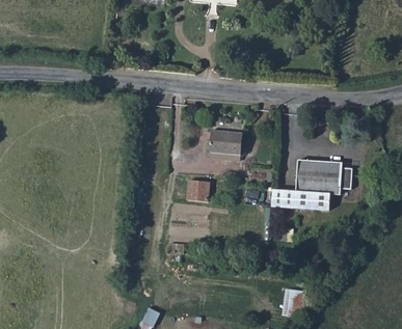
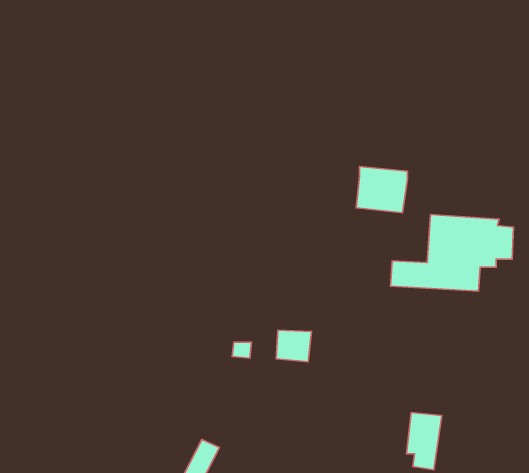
building: [209,125,242,155] -> [356,166,407,213]
building: [186,181,209,201] -> [276,330,311,362]

